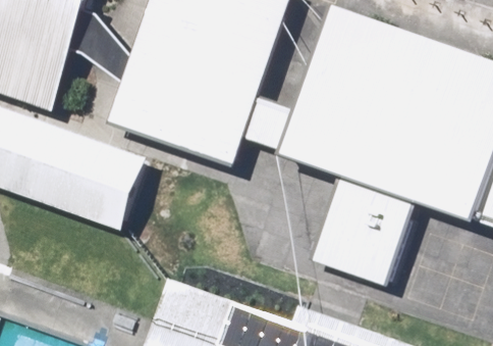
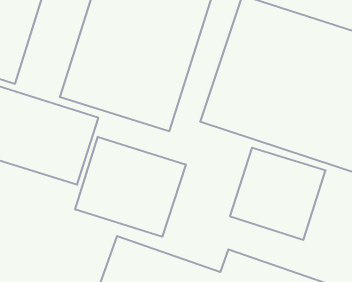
building: none -> [75,137,186,237]

